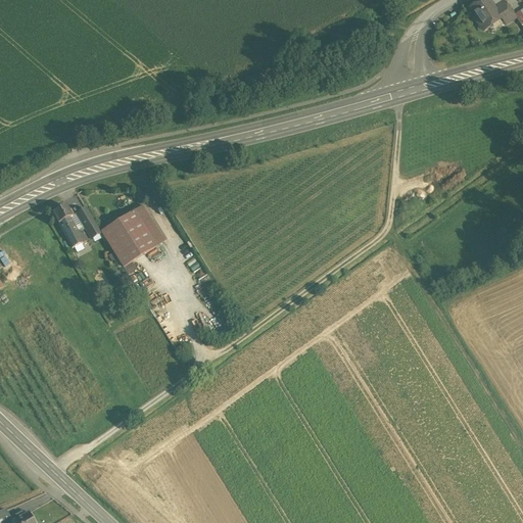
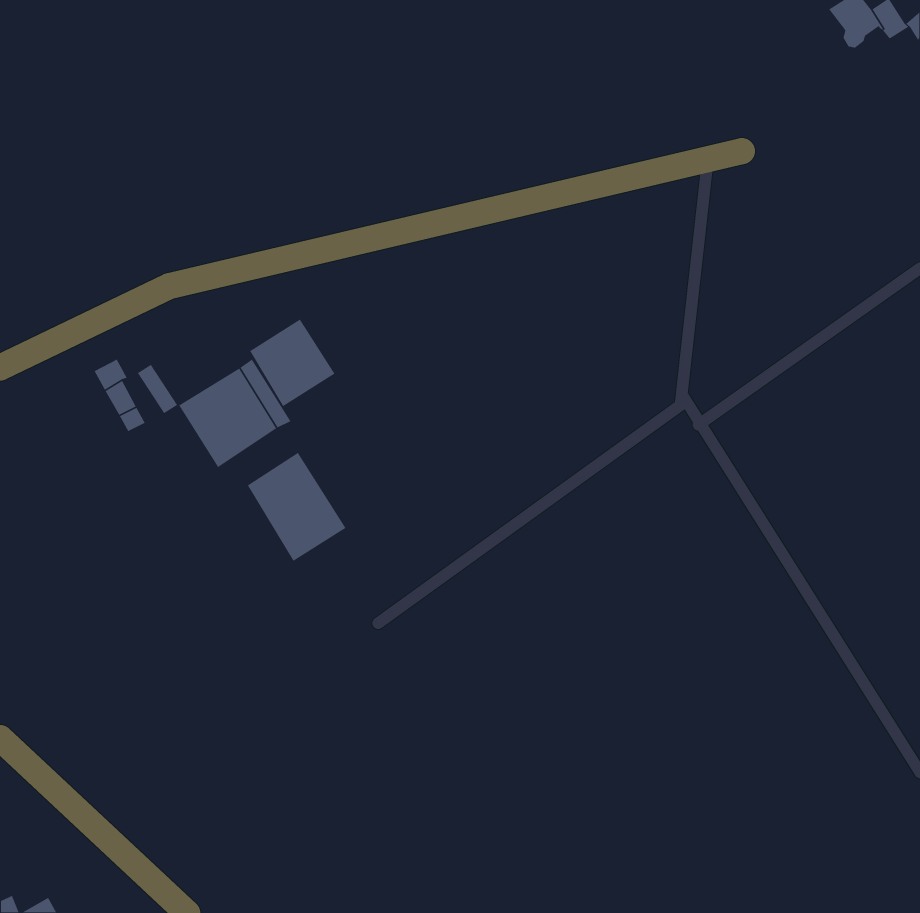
building: none -> [249,318,335,407]
building: none -> [247,452,346,562]

